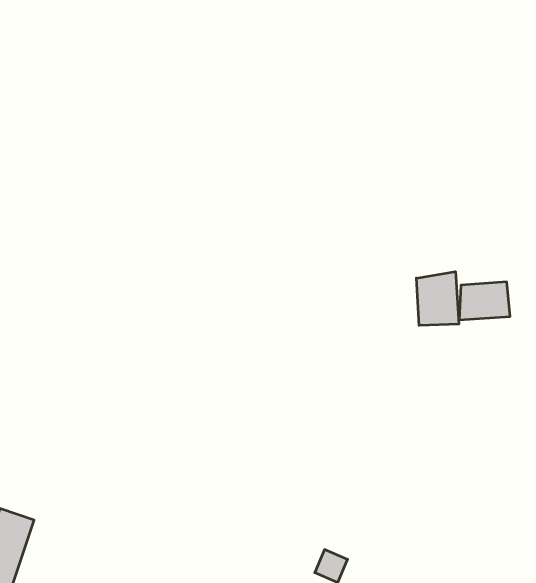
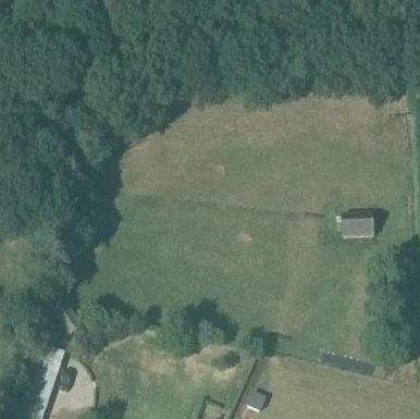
building: [416,272,459,325] -> none

